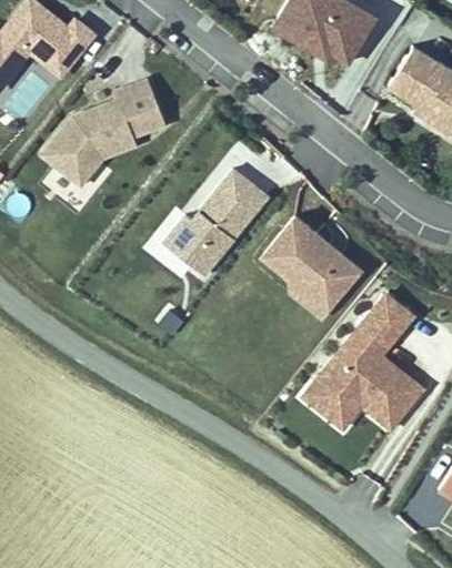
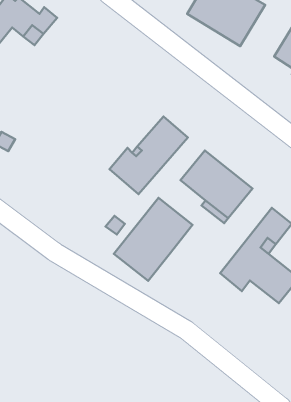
building: [38,77,169,187] -> none
building: none -> [114,198,193,281]
building: [303,384,395,430] -> none

